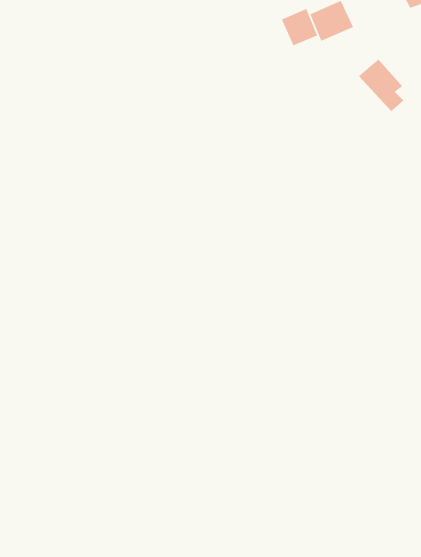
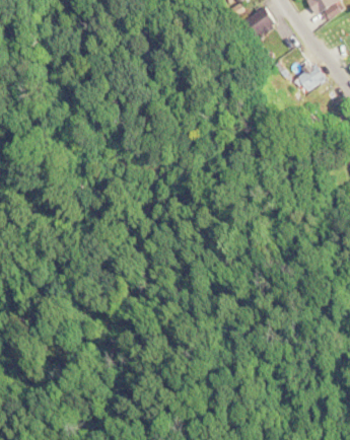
building: [281,8,318,46] -> none

